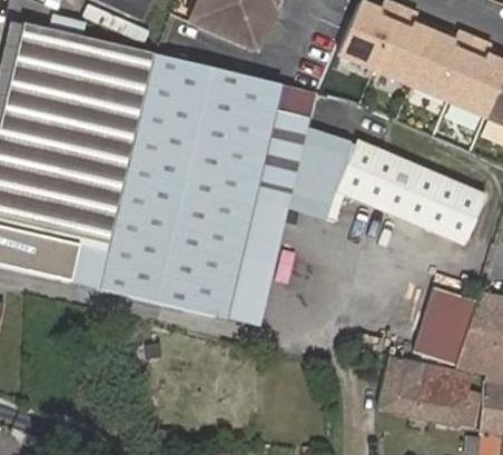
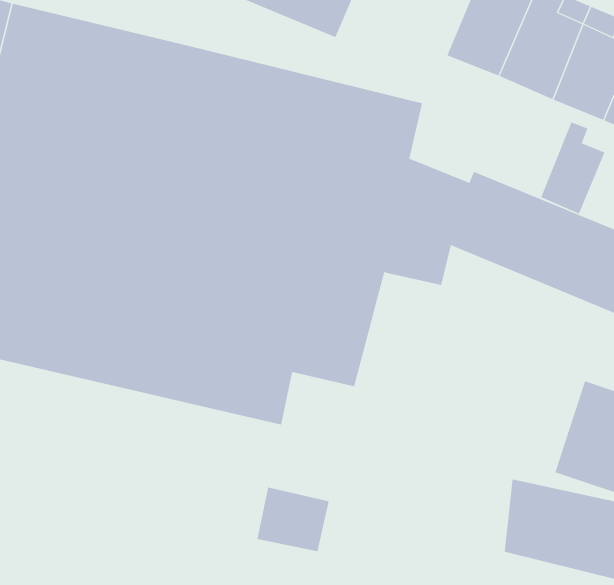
building: none -> [541,121,605,215]
building: [219,280,270,326] -> [256,487,329,552]

